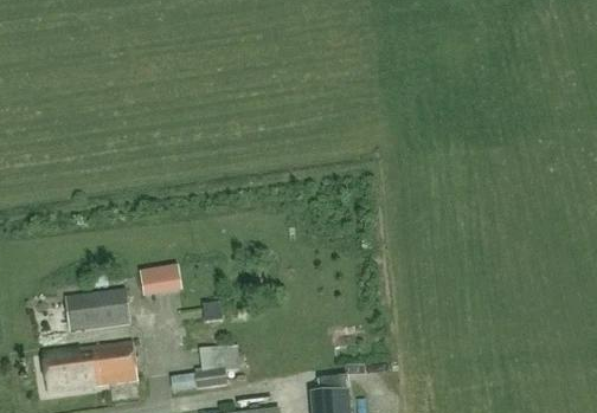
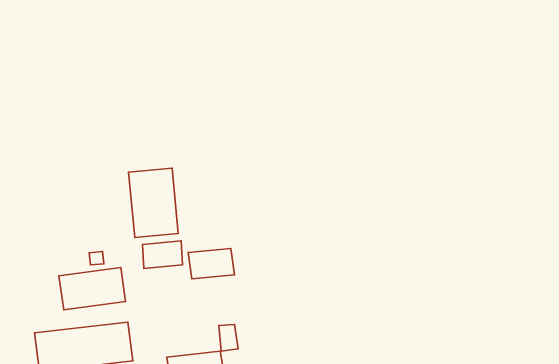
building: none -> [129,168,178,237]
building: none -> [188,249,235,279]

